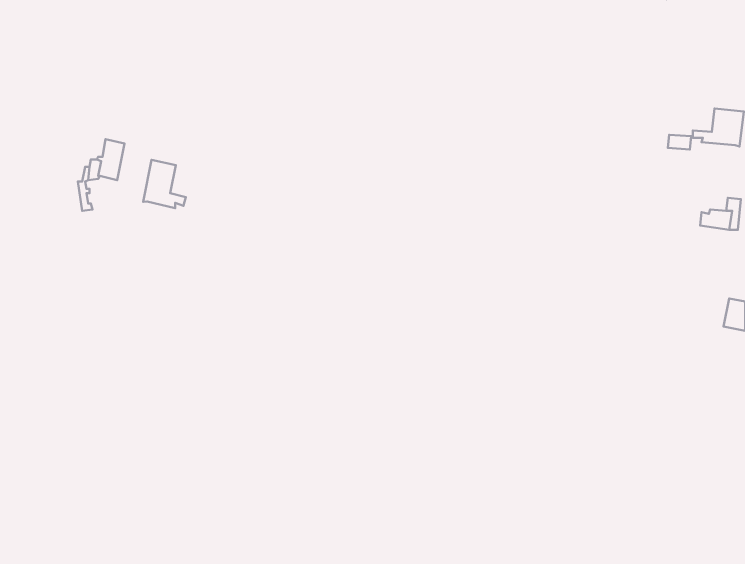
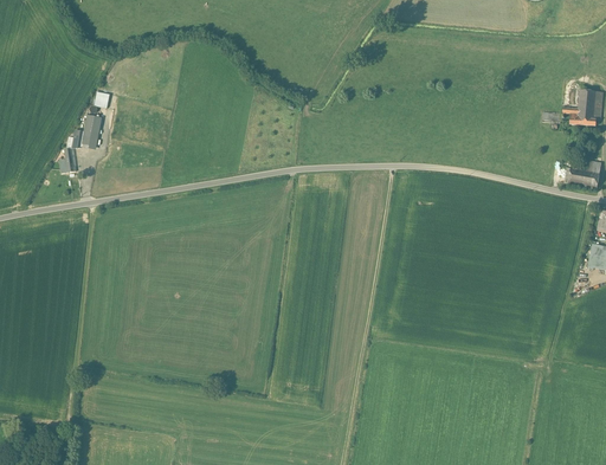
building: [143,160,186,208] -> none

